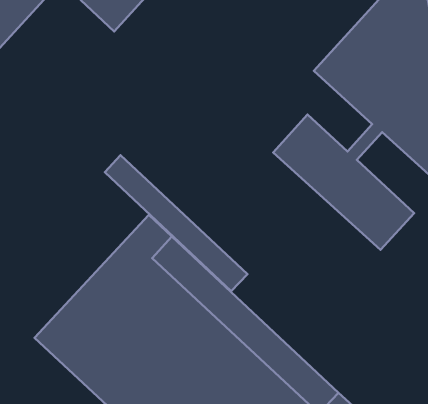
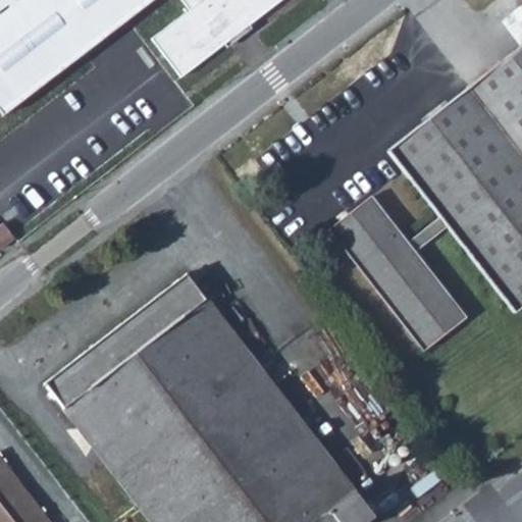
building: [105,155,248,291] -> none

